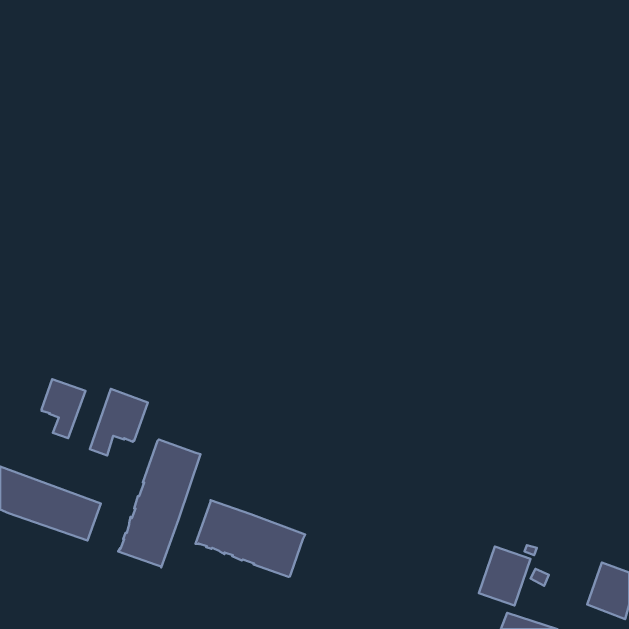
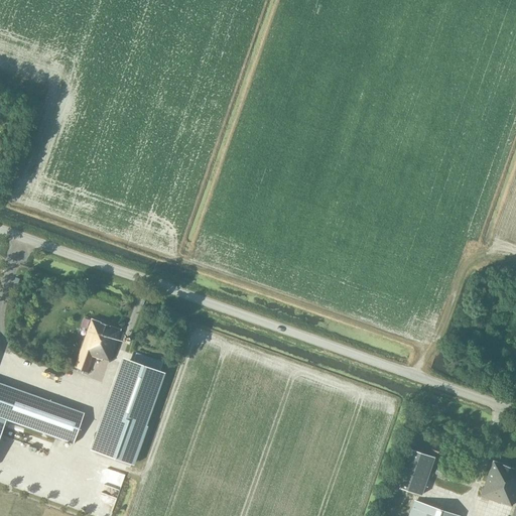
building: [41,379,86,438] -> none
building: [196,500,305,577] -> none

